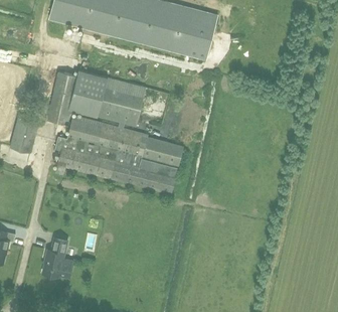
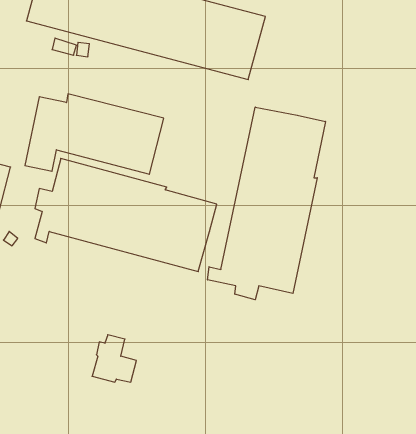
building: none -> [208,107,325,300]
building: [42,244,73,277] -> [92,335,136,382]

